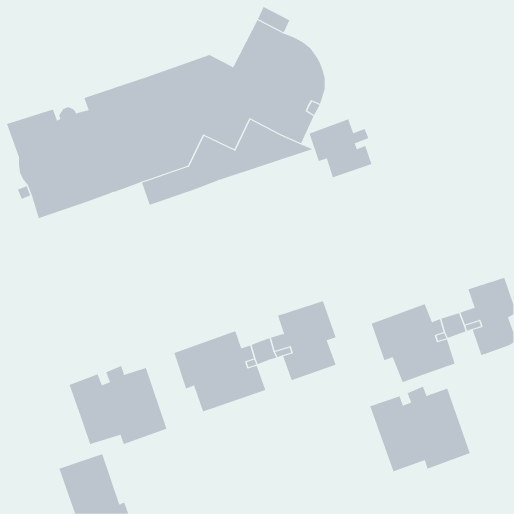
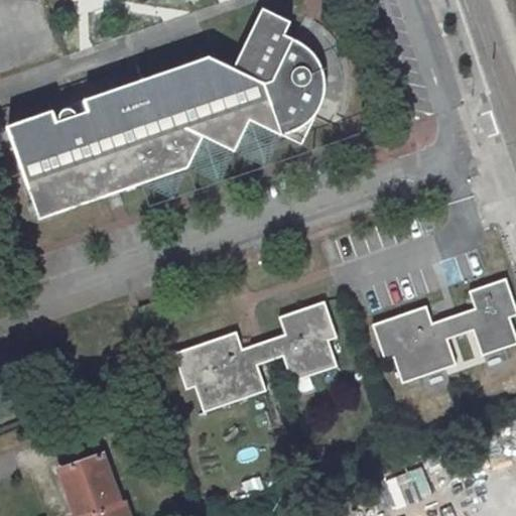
building: [309,119,372,178] -> none
building: [69,365,167,445] -> none
building: [369,386,470,472] -> none

